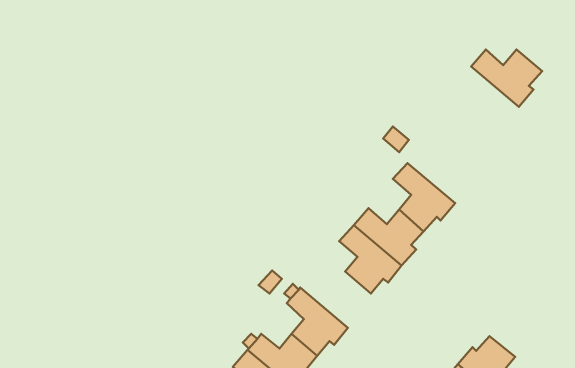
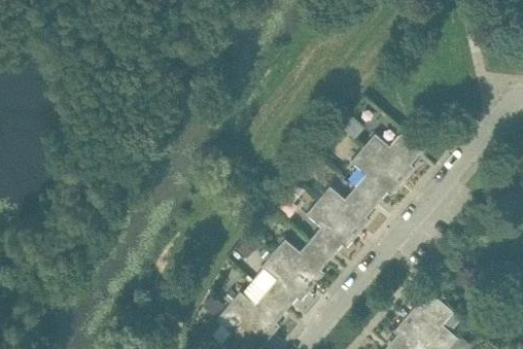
building: [471,49,542,107] -> [362,133,422,181]
building: none -> [272,238,332,286]

